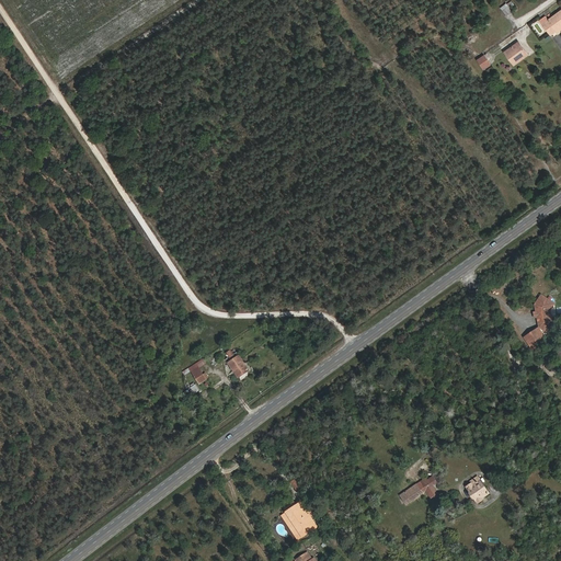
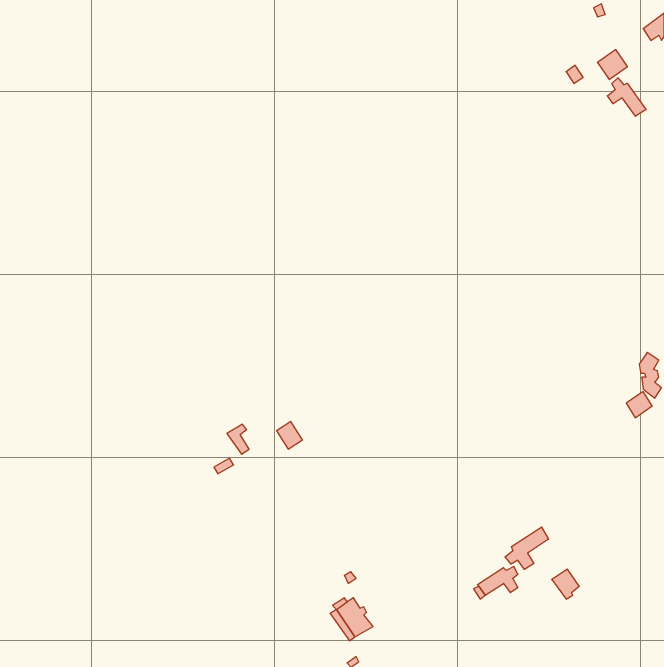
building: none -> [607,78,646,116]
building: none -> [505,527,549,569]

